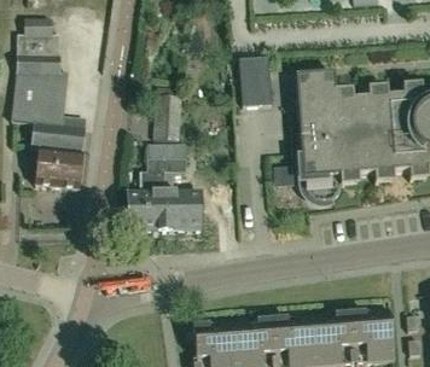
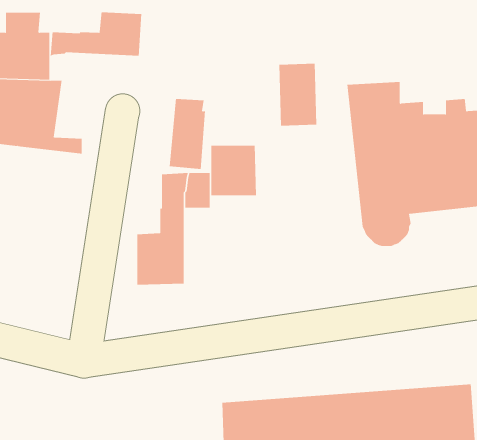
building: none -> [50,12,142,56]
building: [31,123,85,188] -> none
building: [164,191,201,231] -> [211,145,257,196]

